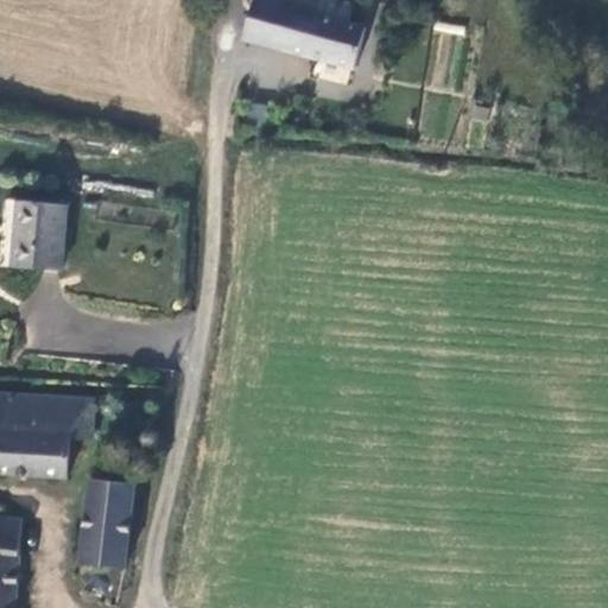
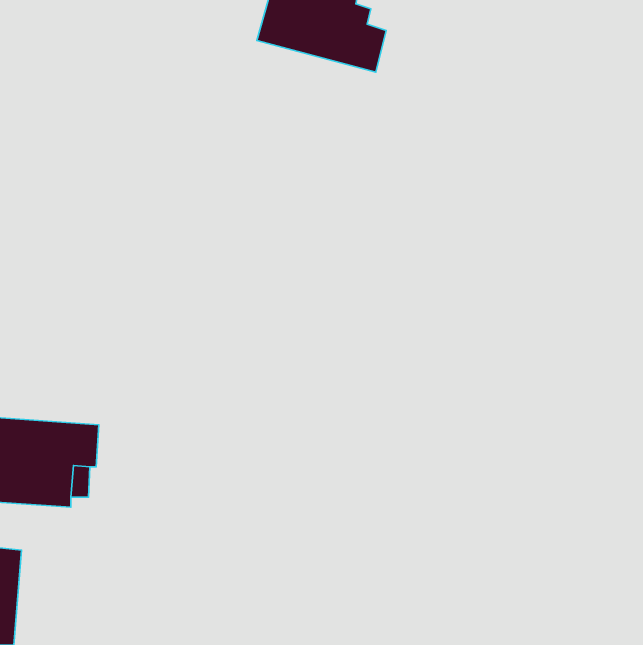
building: [10,201,64,270] -> none
building: [77,476,134,570] -> none

